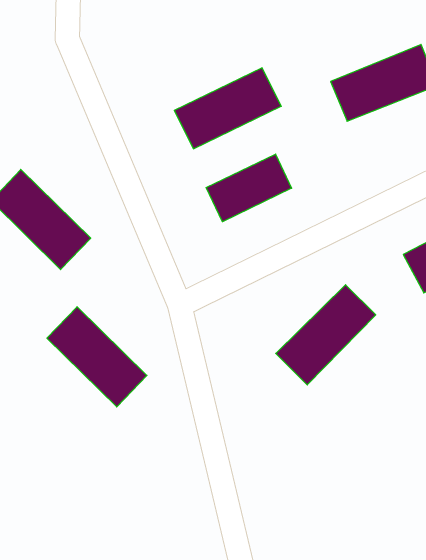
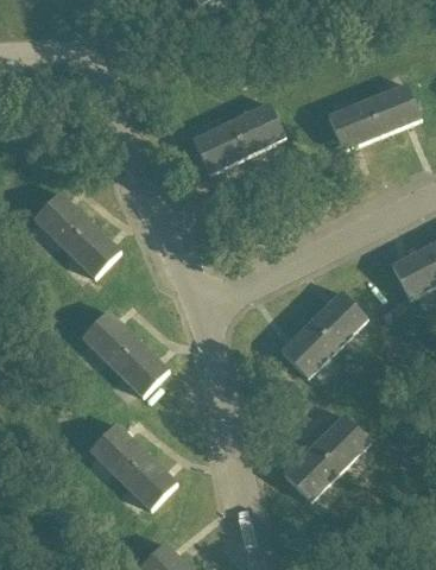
building: [206,154,292,222] -> none
building: none -> [283,414,372,501]
building: none -> [89,423,177,509]

